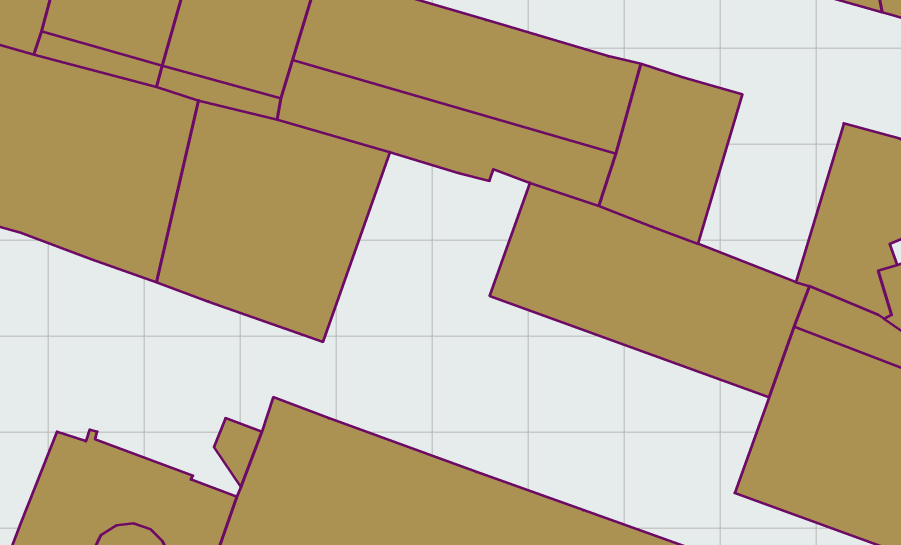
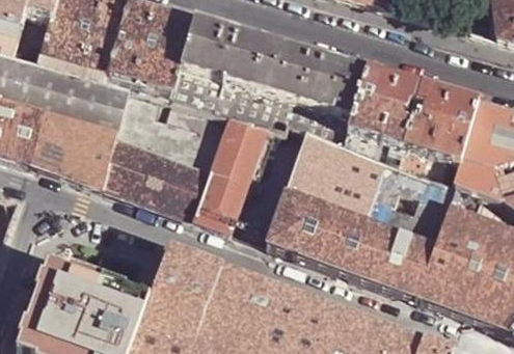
building: none -> [398,83,477,185]
building: none -> [194,114,268,230]
building: none -> [266,192,436,299]

